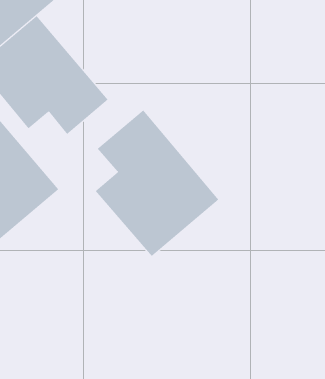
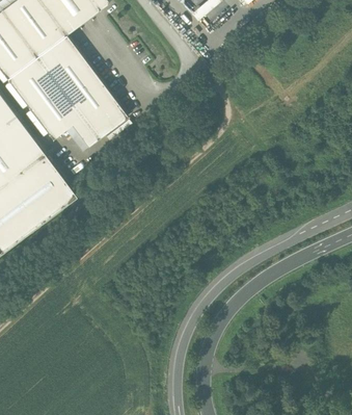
building: [95,109,219,257] -> none

